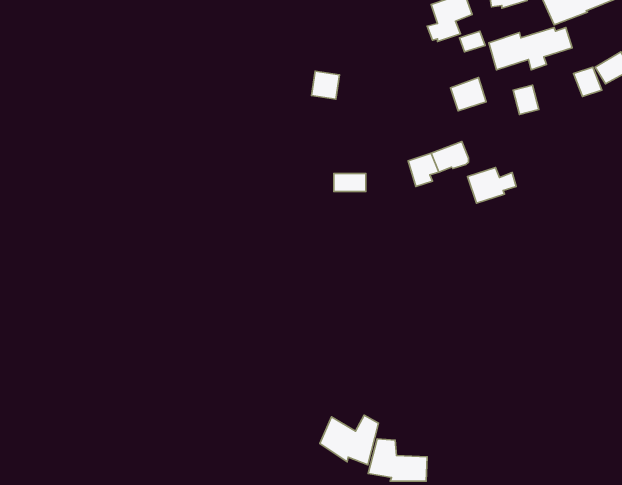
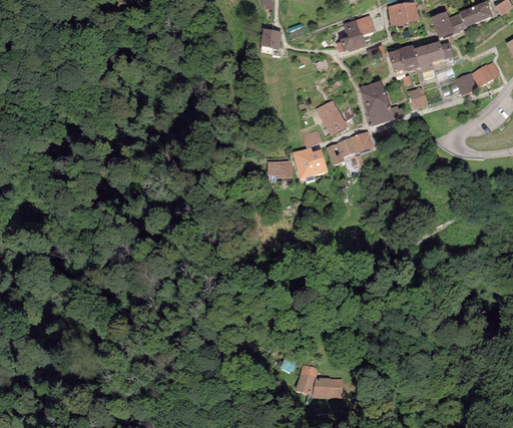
building: [311,71,340,99] -> [260,27,282,49]
building: none -> [318,97,347,132]
building: none -> [293,147,327,179]
building: [467,167,516,203] -> [365,99,403,127]
building: [320,415,379,465] -> none

